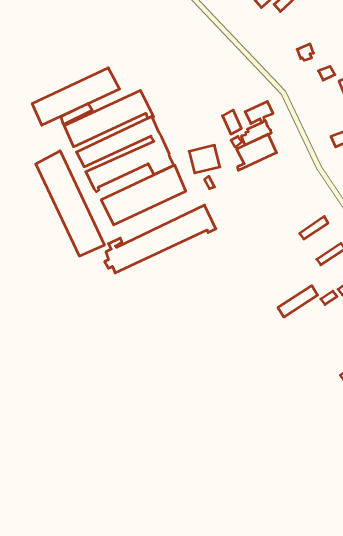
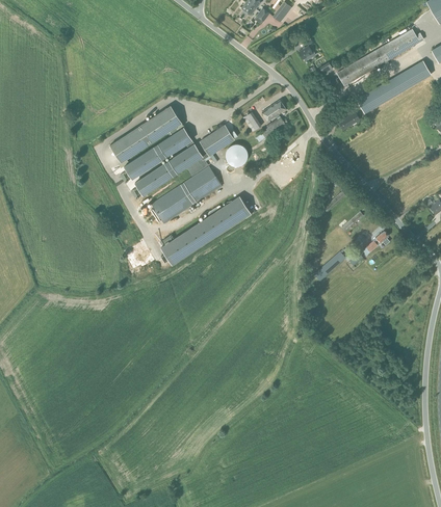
building: [32,68,120,125] -> none
building: [237,134,277,170] -> [200,125,234,159]
building: [36,151,104,256] -> none

